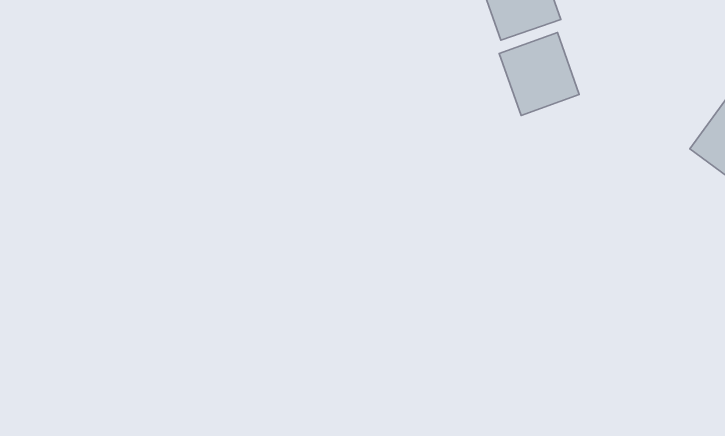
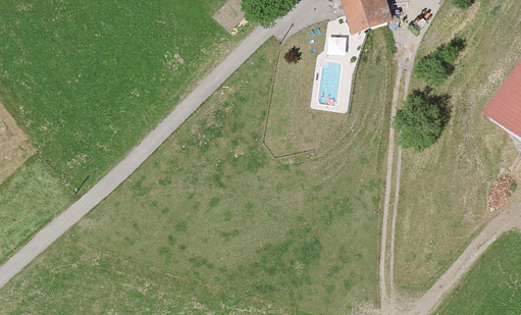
building: [499,32,579,116] -> none

